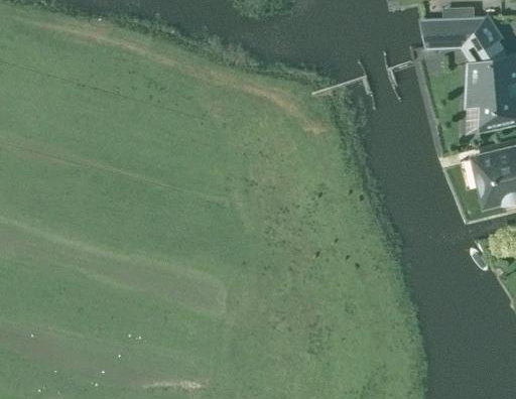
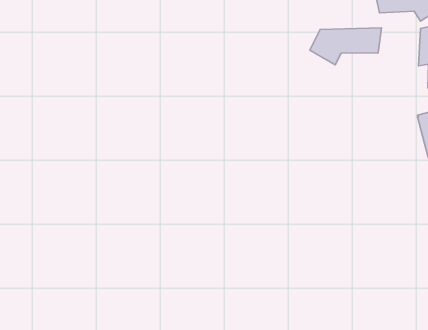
building: none -> [310,28,381,65]

